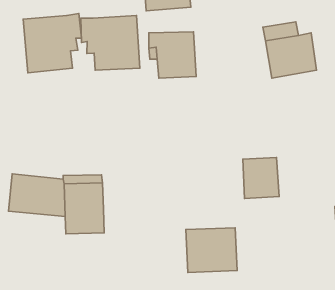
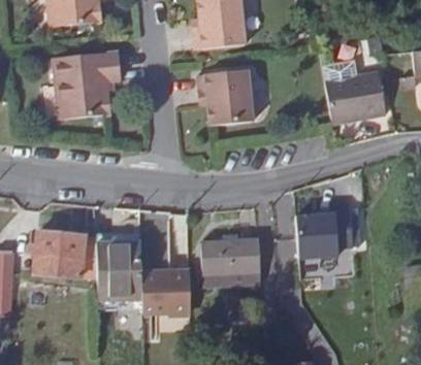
building: [81,16,140,70] -> none
building: none -> [143,267,193,314]
building: [186,228,237,272] -> [206,237,264,288]

